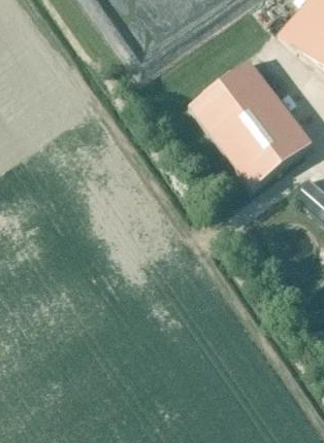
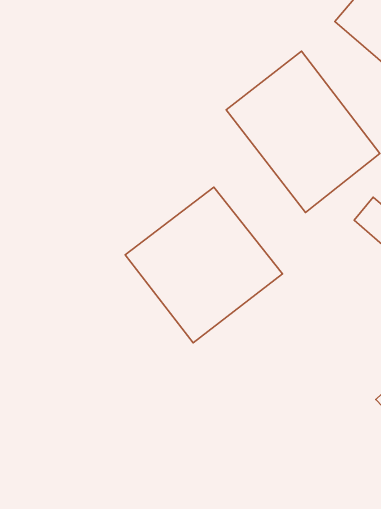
building: none -> [125,187,282,343]

